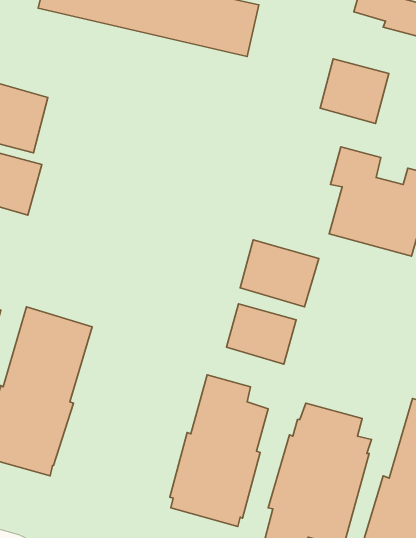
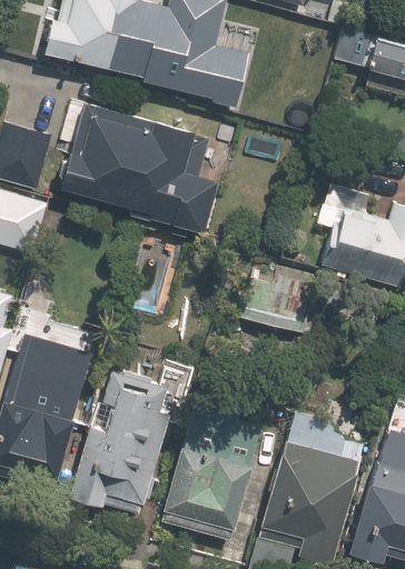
building: [320,59,389,124] -> none
building: none -> [58,101,220,227]
building: [227,304,296,364] -> none
building: none -> [69,373,166,516]

